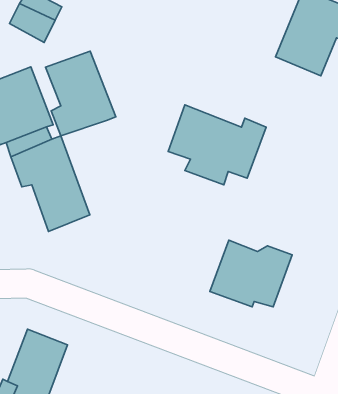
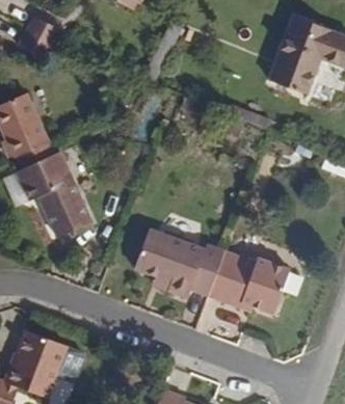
building: [45,51,116,136] -> none
building: [168,105,266,185] -> [129,225,220,300]

